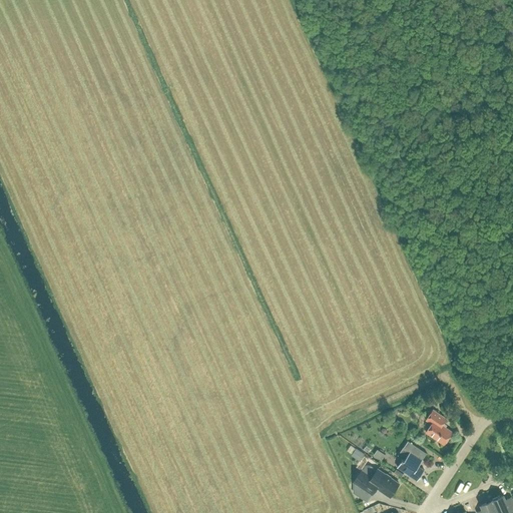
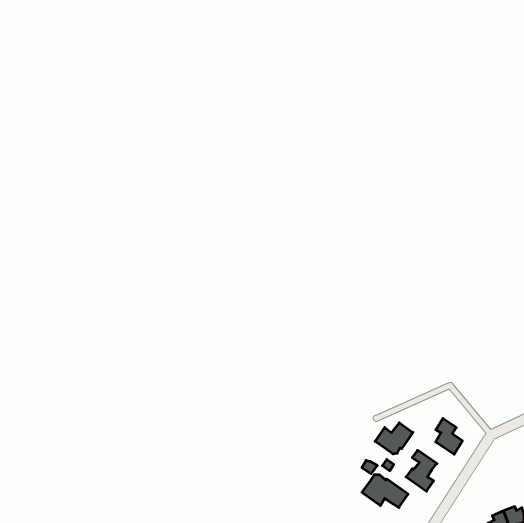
building: none -> [375,423,413,454]

